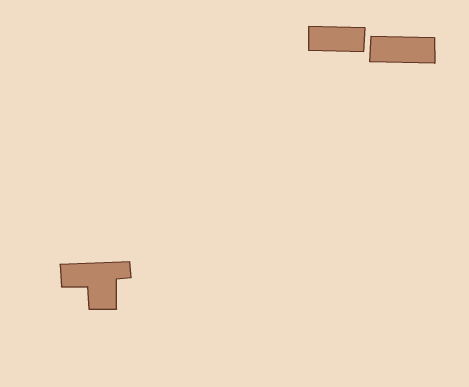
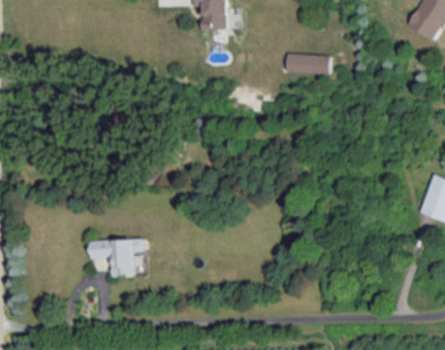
building: [370,36,435,63] -> none

